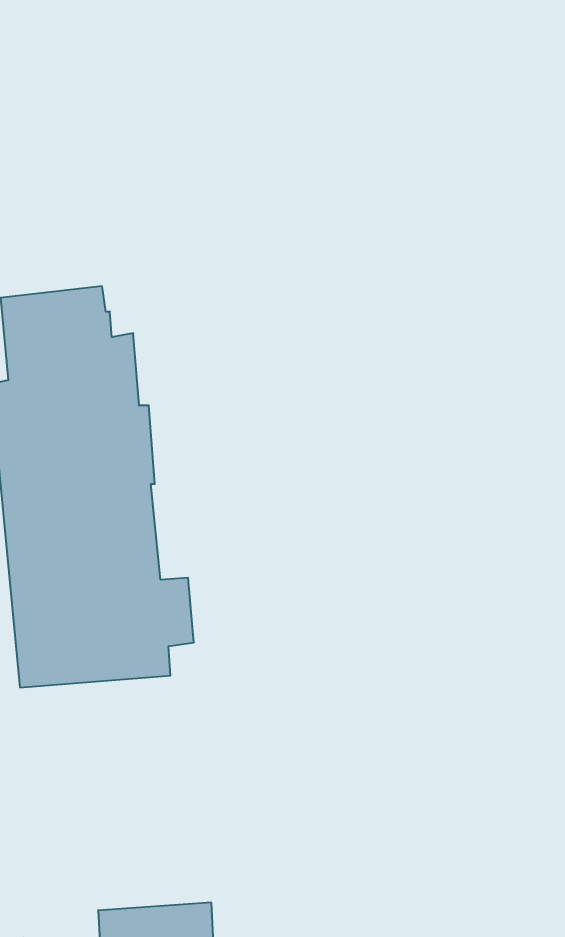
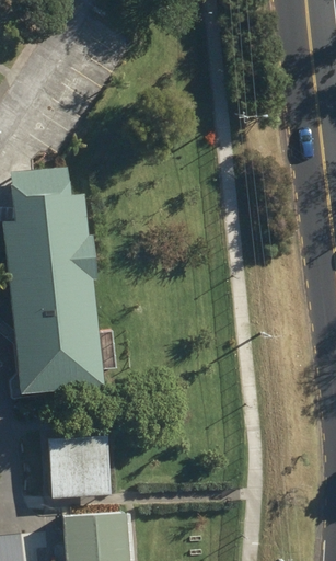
building: none -> [49,437,112,500]

